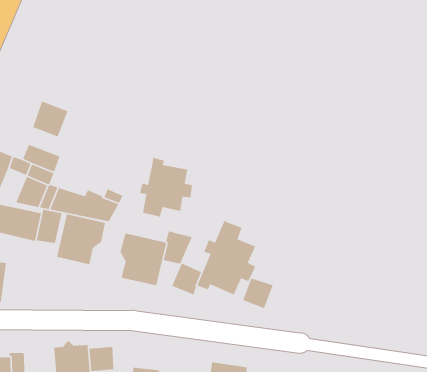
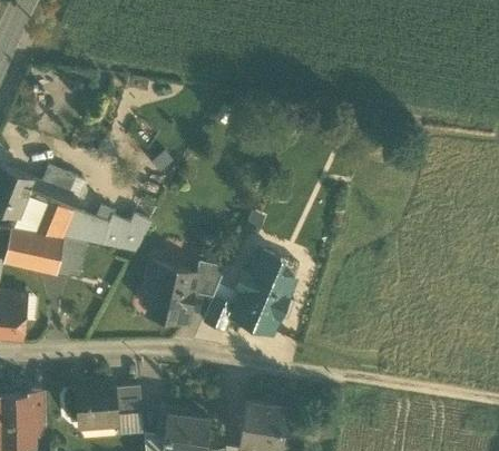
building: [32,101,69,138] -> none
building: [139,157,193,217] -> none
building: [56,214,106,265] -> none
building: [242,277,274,309] -> none

